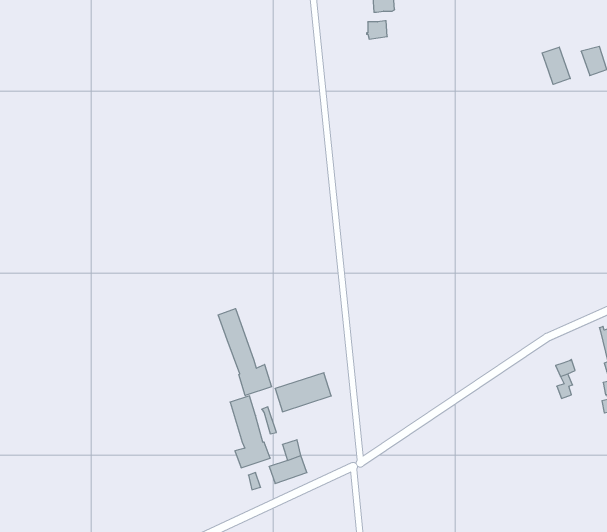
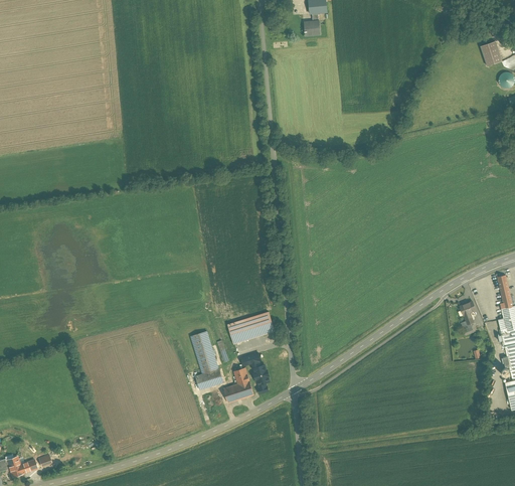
building: [542,47,570,84] -> none
building: [218,309,272,396] -> none

